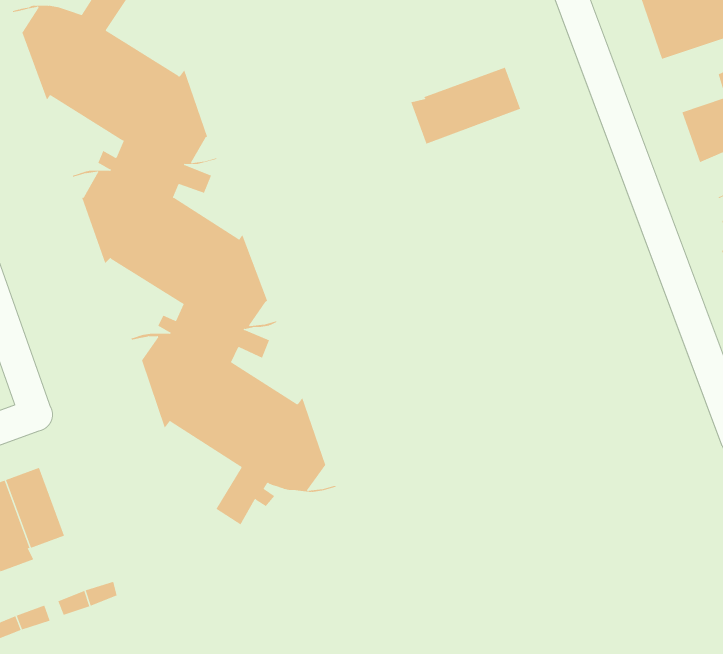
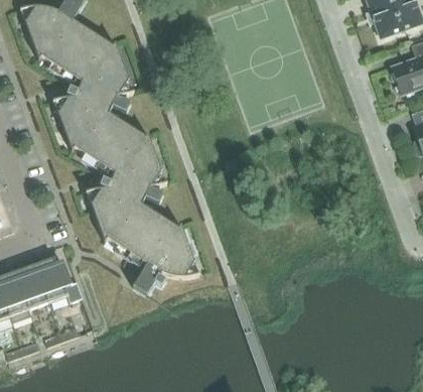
building: [411,67,521,144] -> none
building: none -> [35,256,72,301]

